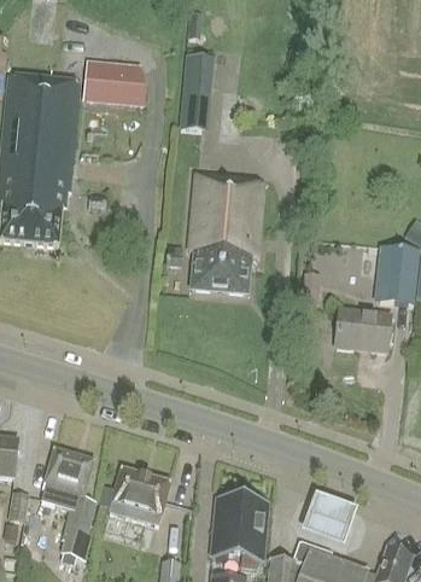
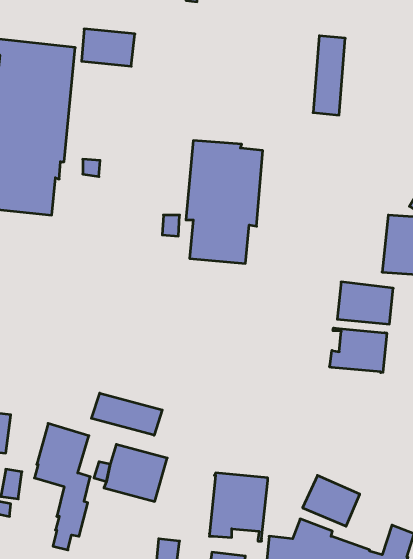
building: [182,56,214,133] -> [313,36,345,115]
building: none -> [330,328,387,373]
building: none -> [91,393,162,435]

